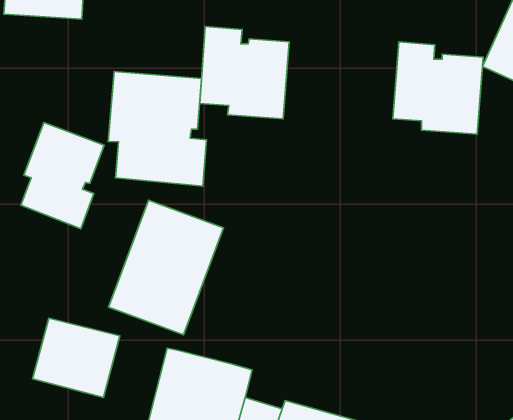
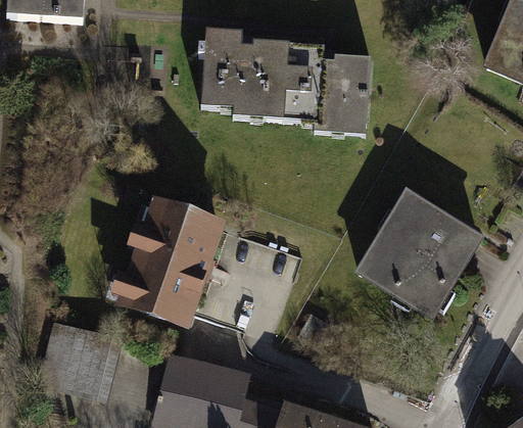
building: [393,42,483,134] -> [284,45,374,137]
building: [108,72,206,186] -> none
building: [21,123,104,229] -> none
building: none -> [356,180,490,315]

